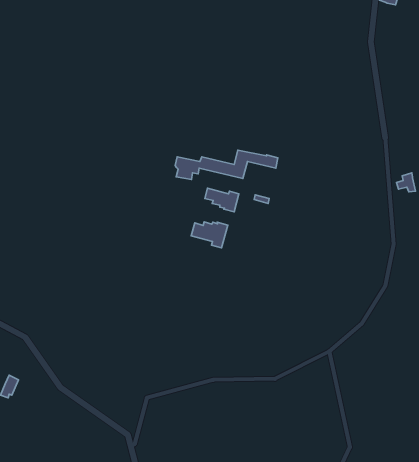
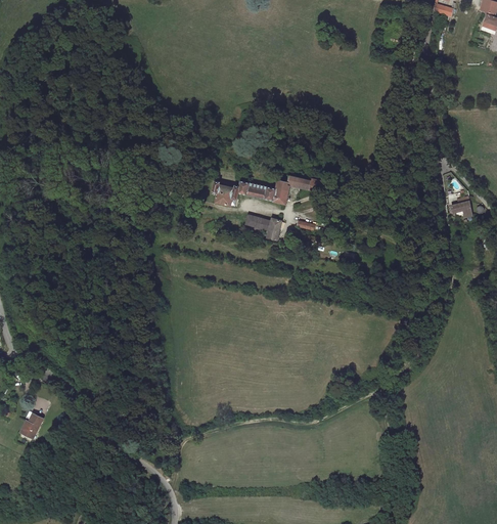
building: [191,222,228,248] -> none

